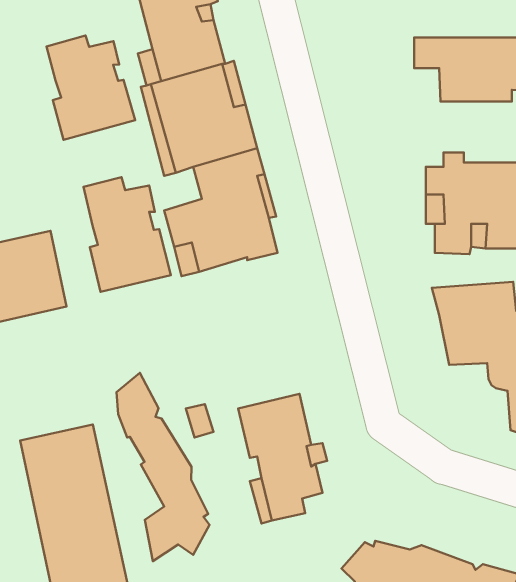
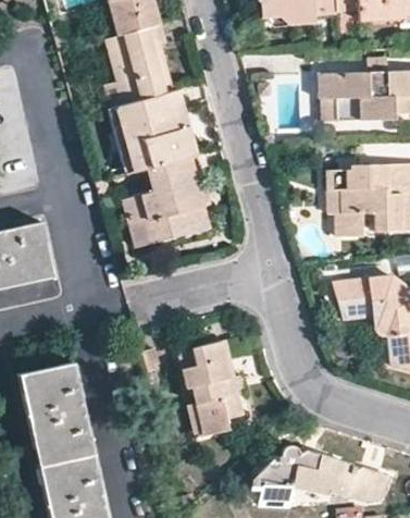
building: [47,35,135,140] -> none
building: [83,177,171,292] -> none
building: [117,373,210,561] -> none

